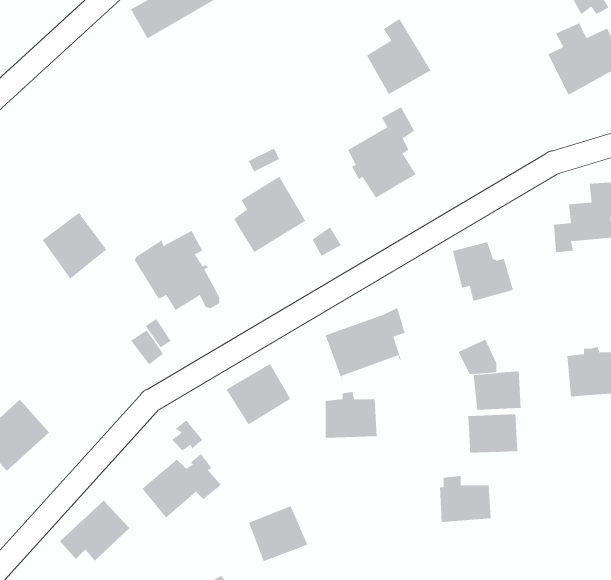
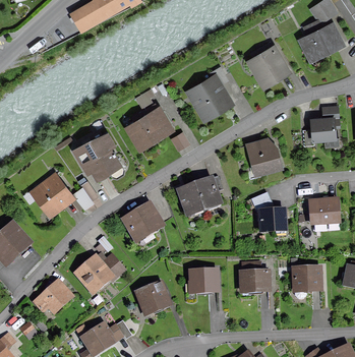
building: [366,18,432,95] -> [251,42,287,83]
building: [42,212,107,280] -> [35,176,70,213]
building: [325,391,377,438] -> [190,266,219,292]
building: [468,414,518,453] -> [294,267,321,289]

